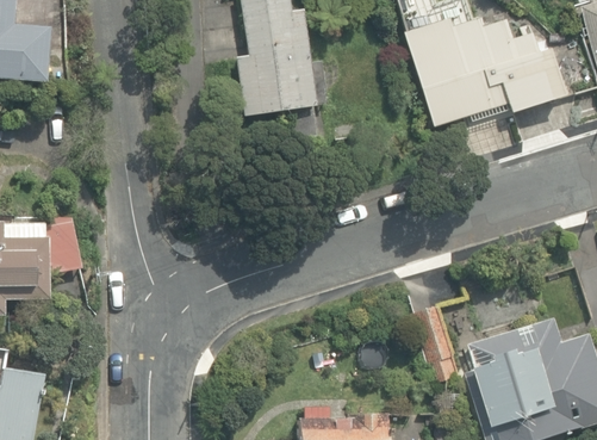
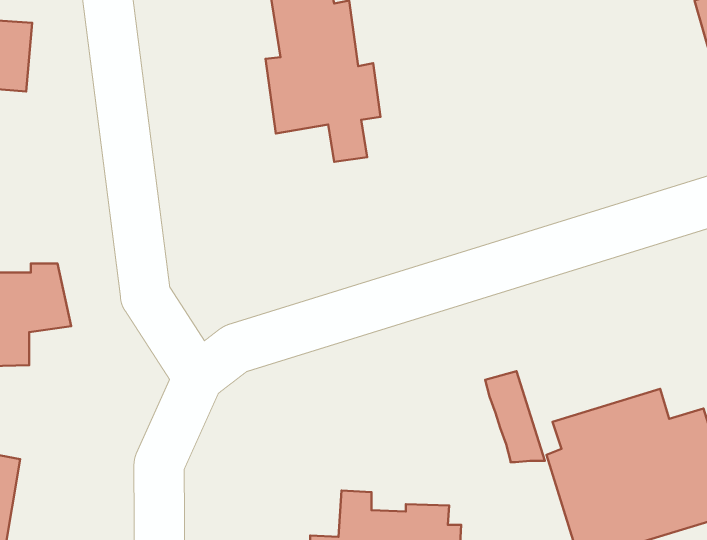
building: [404,16,562,126] -> none

